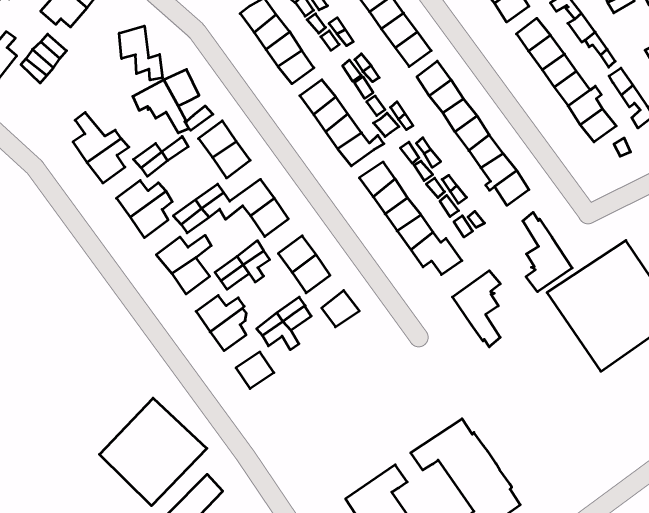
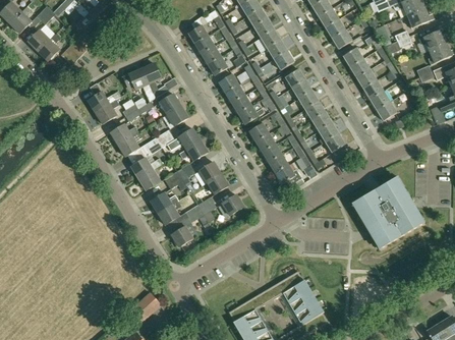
building: [119,26,162,80] -> none
building: [523,212,572,292] -> none
building: [452,271,500,347] -> none
building: [99,398,207,506] -> none

